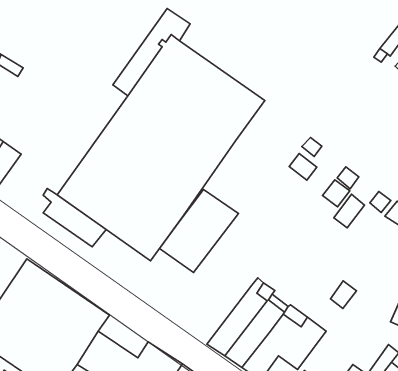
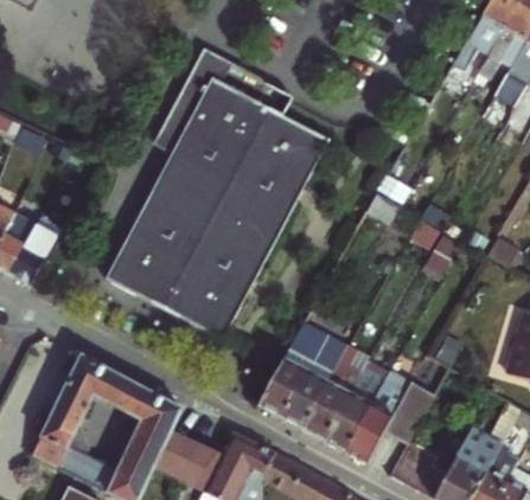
building: [43,188,106,247] -> none
building: [159,189,238,273] -> [256,331,341,428]

